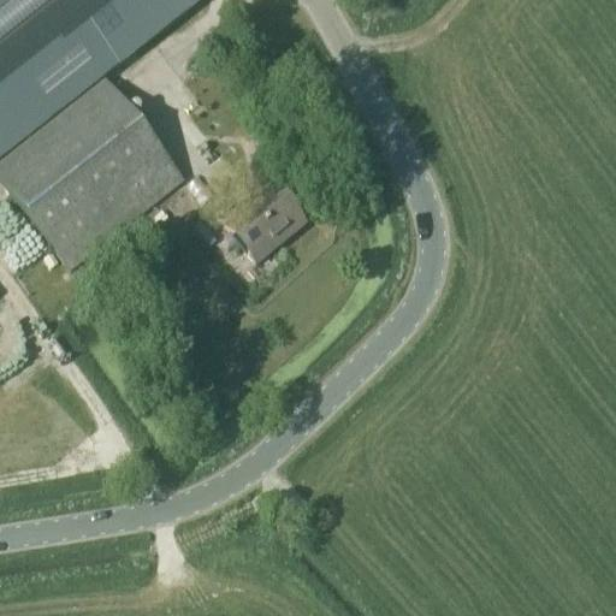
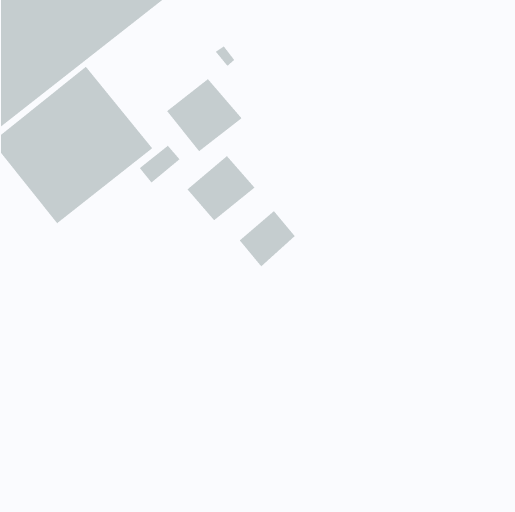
building: none -> [166,78,242,152]
building: none -> [239,210,295,267]

